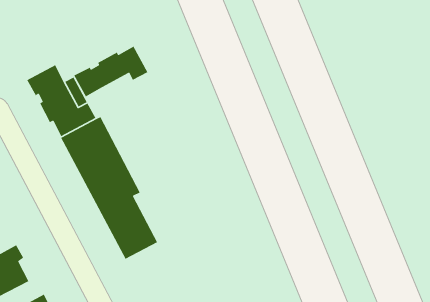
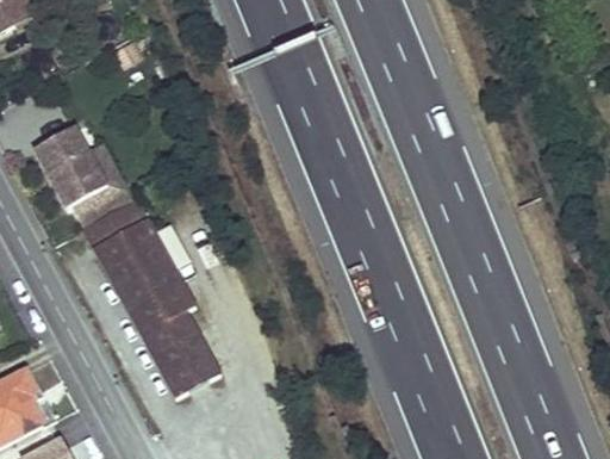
building: [73,45,149,98] -> none

